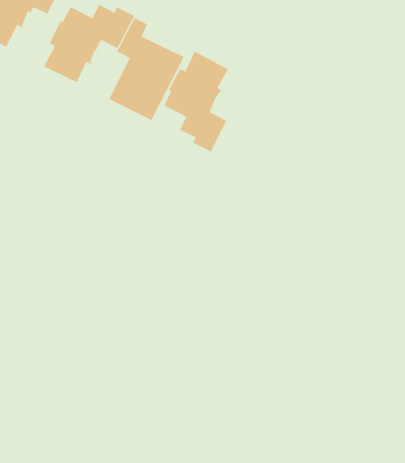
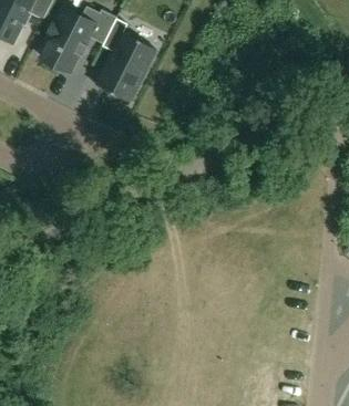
building: [164,51,229,153] -> none

